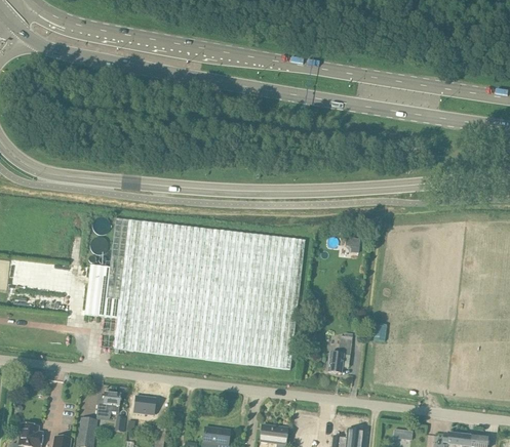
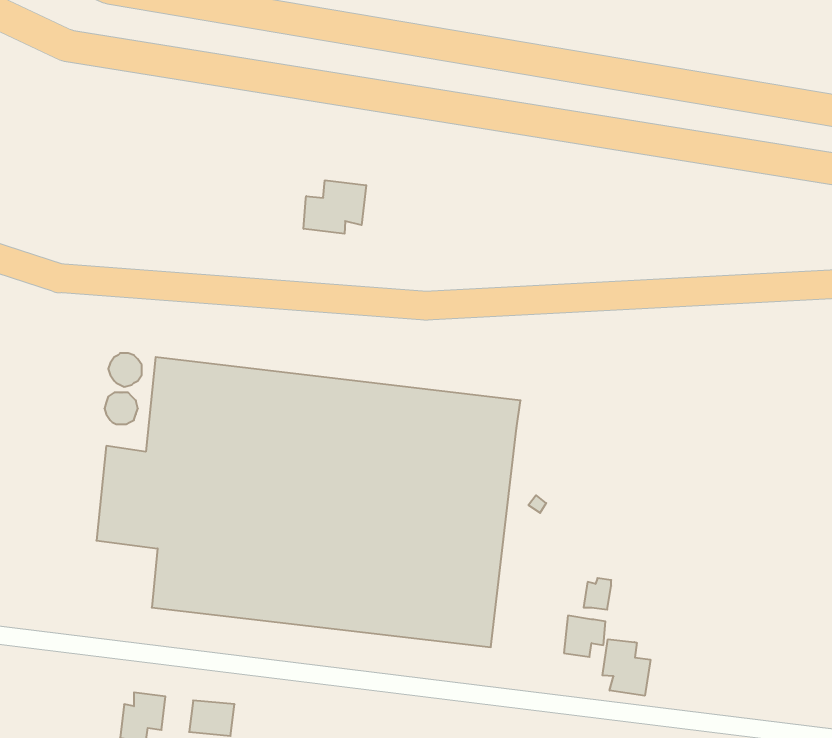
building: none -> [304,180,366,234]
building: none -> [602,639,650,696]

